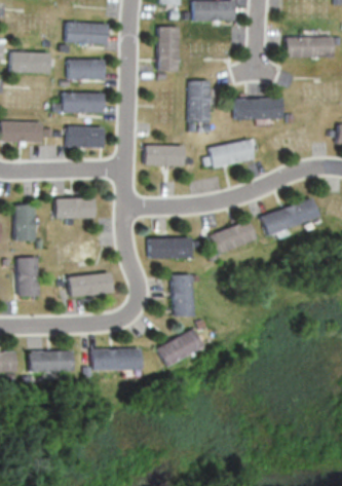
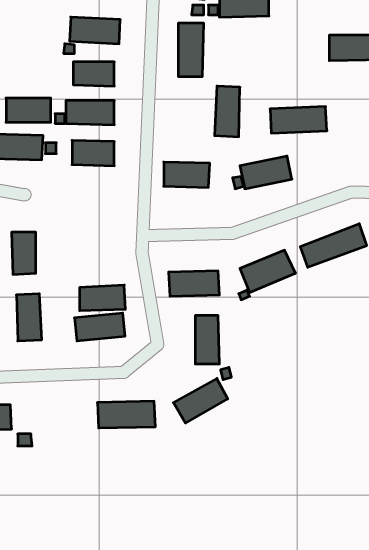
building: [10,52,48,73] -> [6,98,51,122]
building: [56,197,96,219] -> [80,285,125,311]
building: [28,350,70,372] -> none

